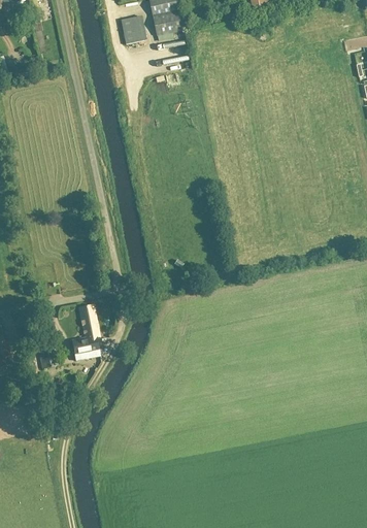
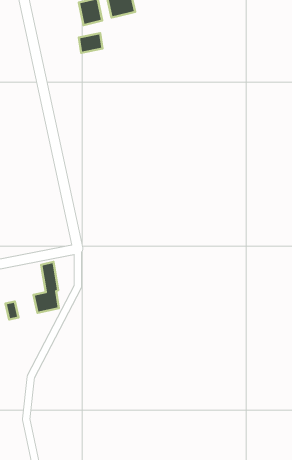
building: none -> [79,33,103,53]

